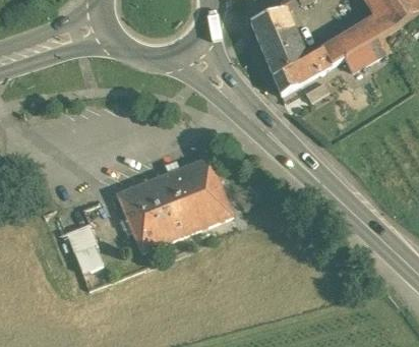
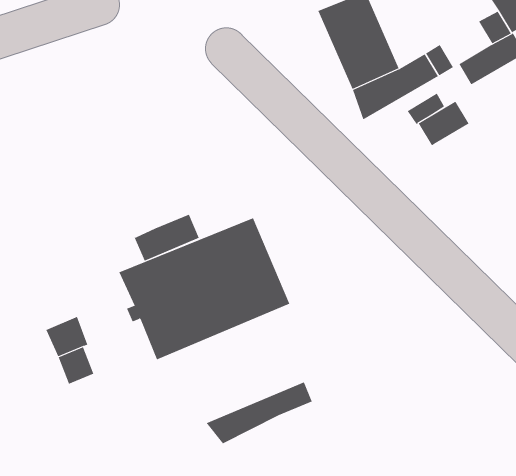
building: [333,25,367,56] -> [418,101,470,146]
building: none -> [134,214,200,262]
building: none -> [206,381,312,444]

